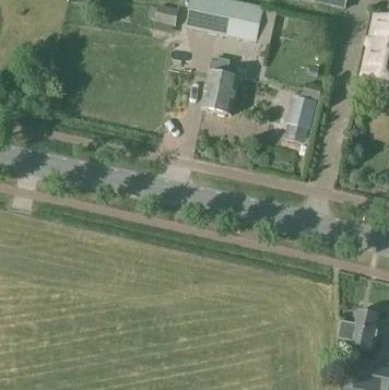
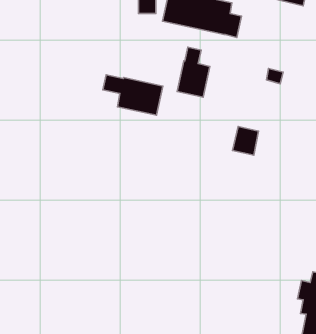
building: none -> [103,75,163,115]
building: [287,94,317,127] -> [232,126,258,155]

